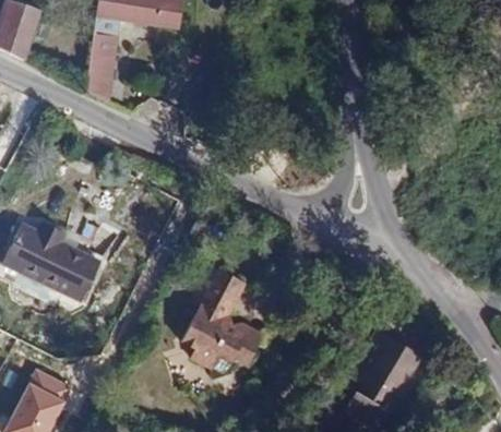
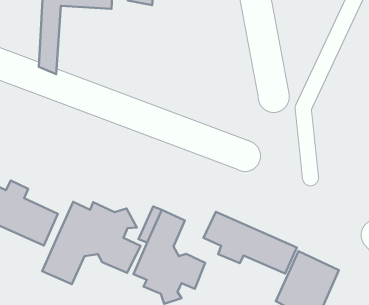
building: none -> [42,202,140,284]
building: none -> [203,212,297,273]

